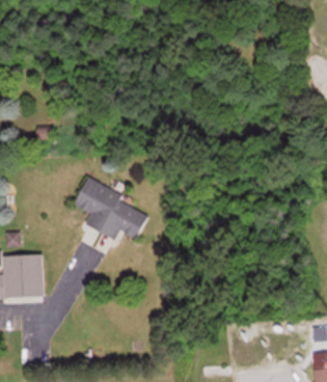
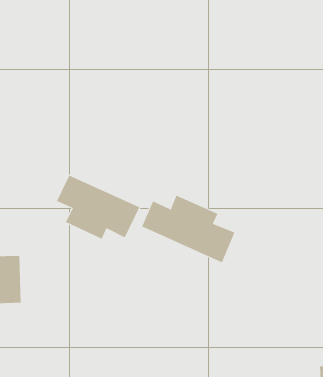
building: none -> [142,195,235,263]

